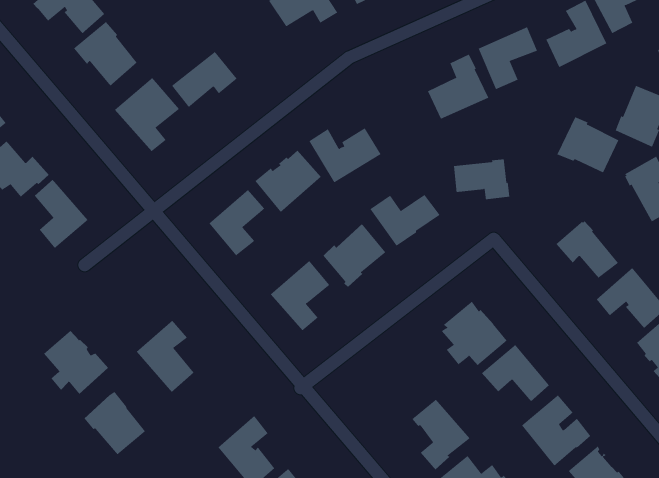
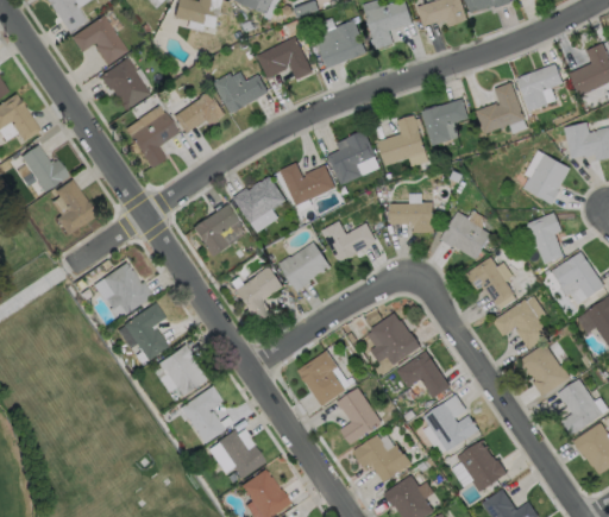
building: none -> [216,75,269,113]
building: none -> [327,131,376,185]
building: [557,117,619,173] -> [440,212,491,259]
building: [43,330,109,395] -> [101,261,152,314]
building: none -> [297,351,346,406]
building: [83,391,146,455] -> [157,345,206,396]

